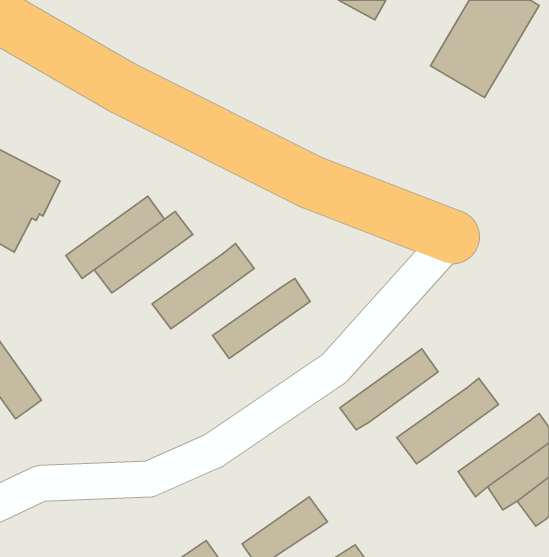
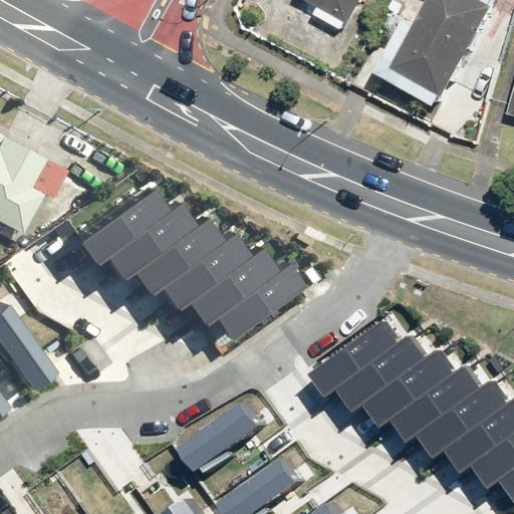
building: none -> [112,211,205,288]
building: none -> [168,243,259,318]
building: none -> [338,335,429,411]
building: none -> [392,365,485,444]
building: none -> [180,401,259,467]

